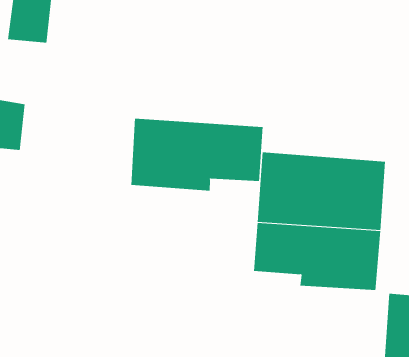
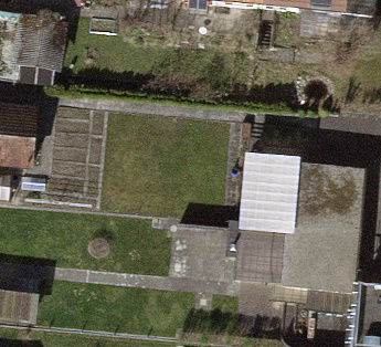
building: [131,118,263,192] -> none

